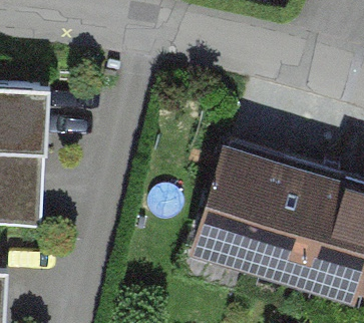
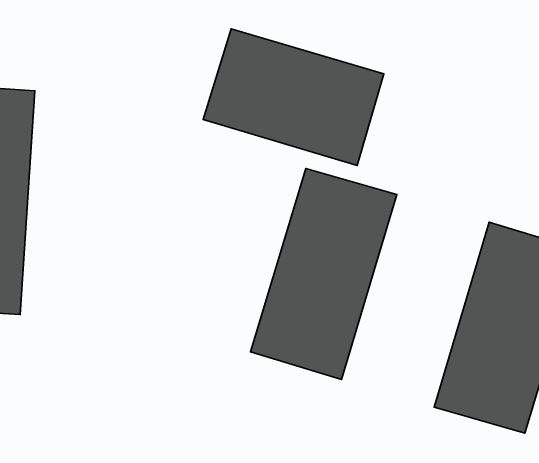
building: none -> [203,29,384,165]
building: [239,154,330,286] -> none

